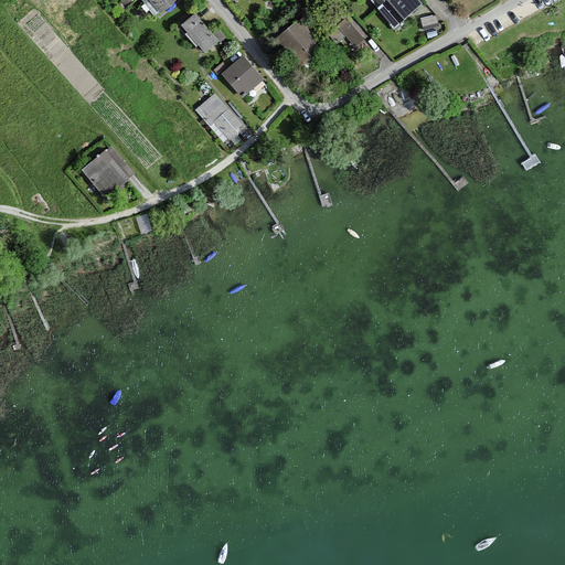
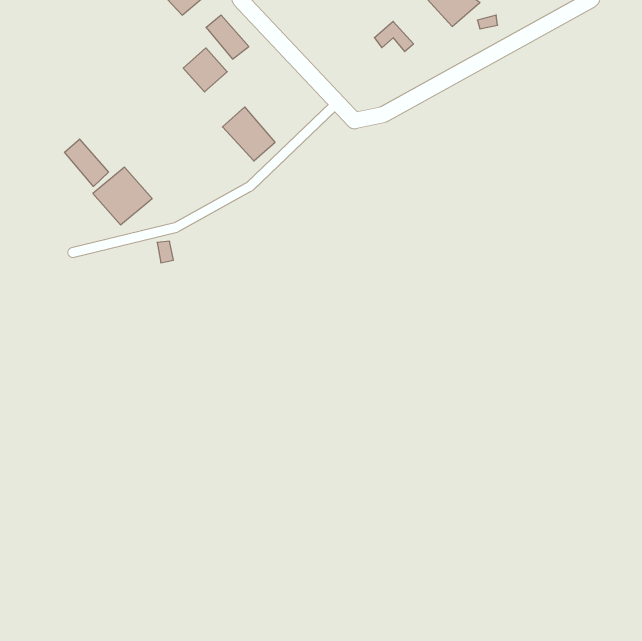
building: [277,15,323,65] -> none
building: [221,56,259,95] -> [183,48,227,92]
building: none -> [65,139,108,186]

